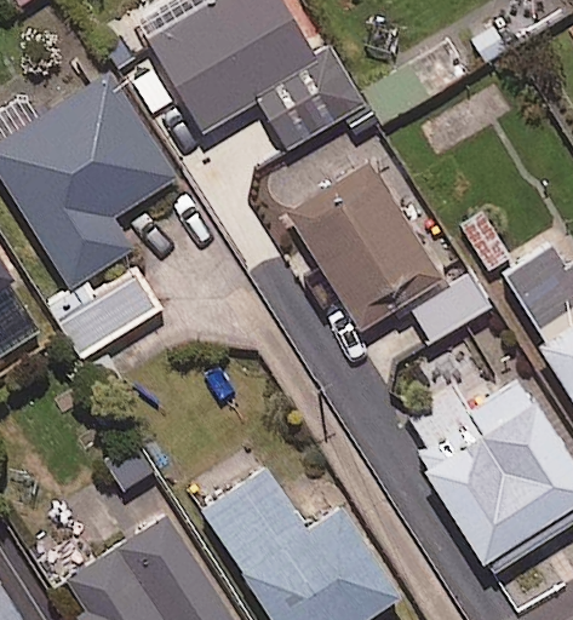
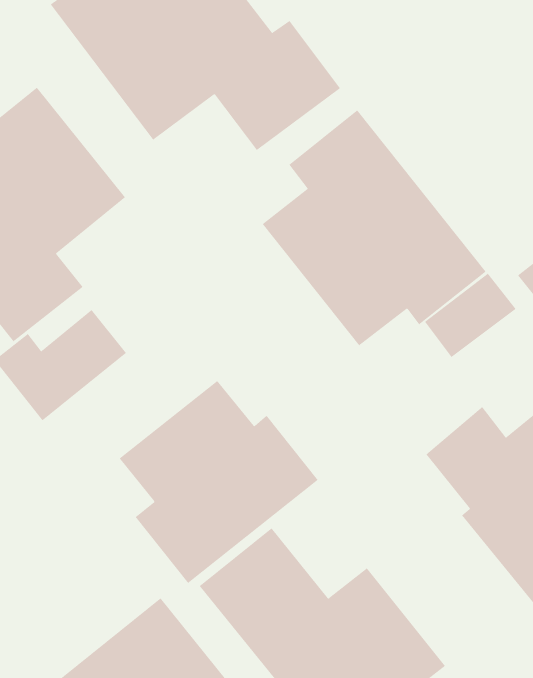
building: none -> [119,380,319,584]

